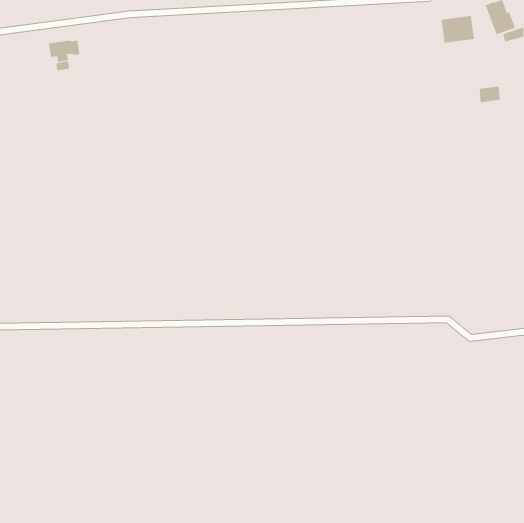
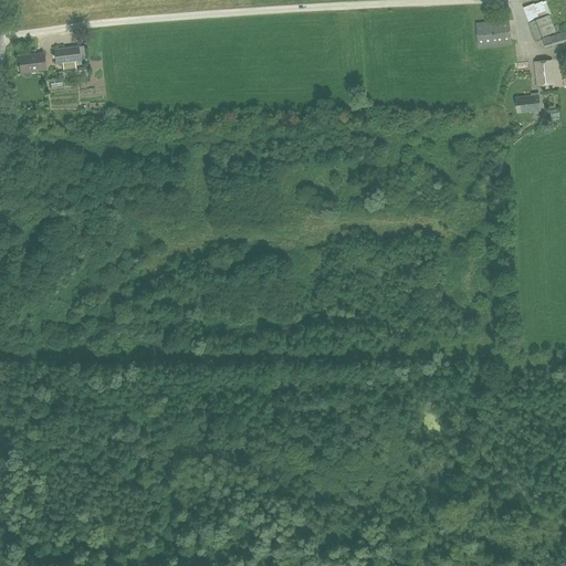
building: none -> [18,51,44,75]
building: none -> [533,57,554,84]

